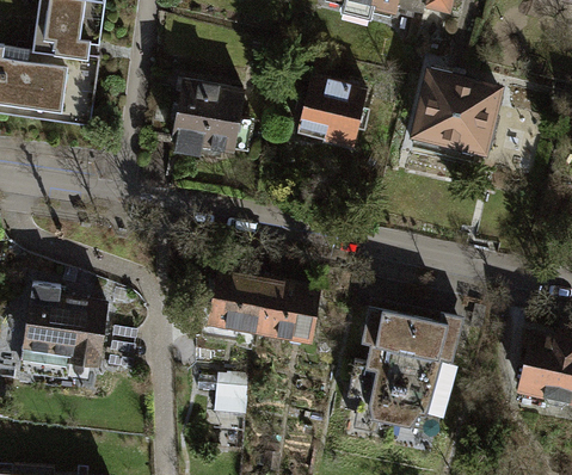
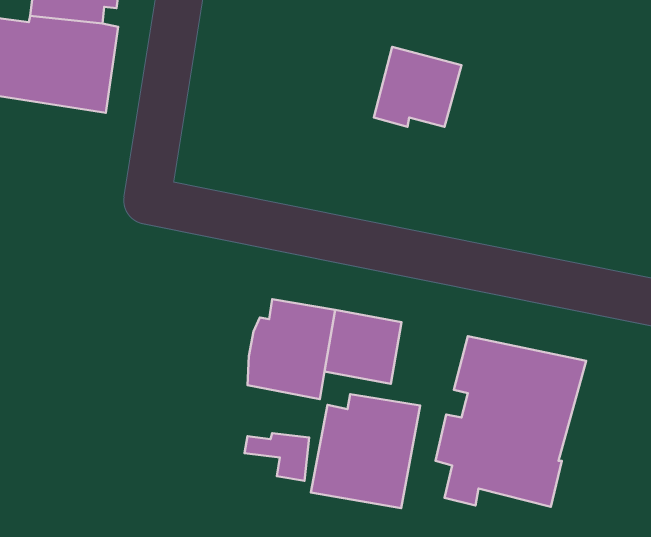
building: [416,72,498,153] -> none
building: [174,81,242,149] -> none
building: [24,283,109,365] -> none
building: none -> [311,394,420,508]

